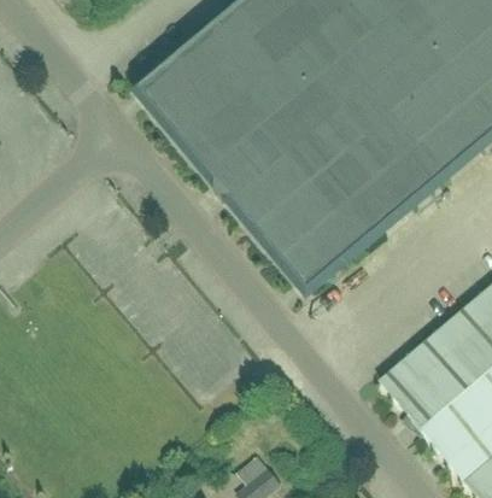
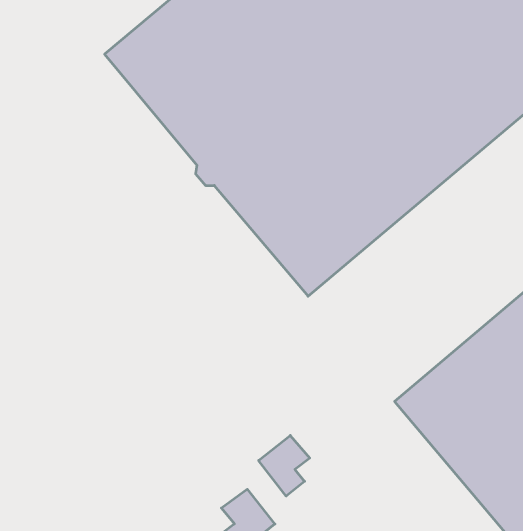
building: none -> [259,435,310,496]

